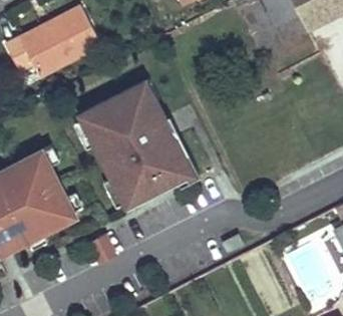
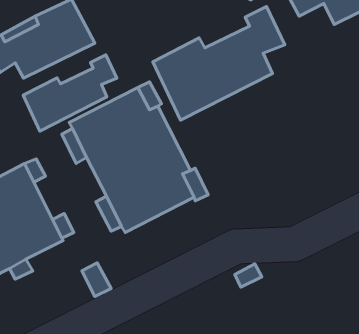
building: none -> [153,7,285,120]
building: none -> [23,55,117,131]

